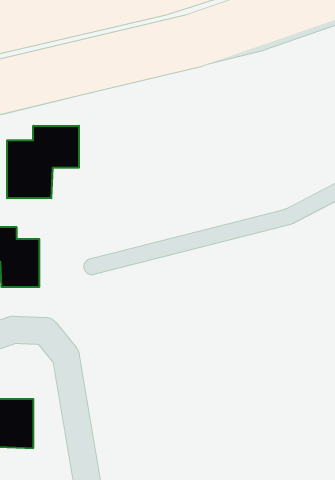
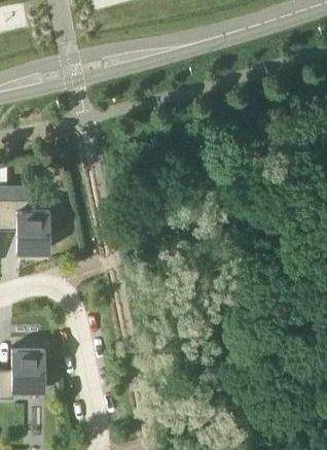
building: [7,126,79,198] -> none

